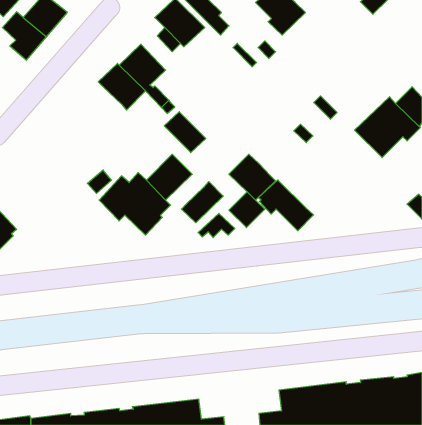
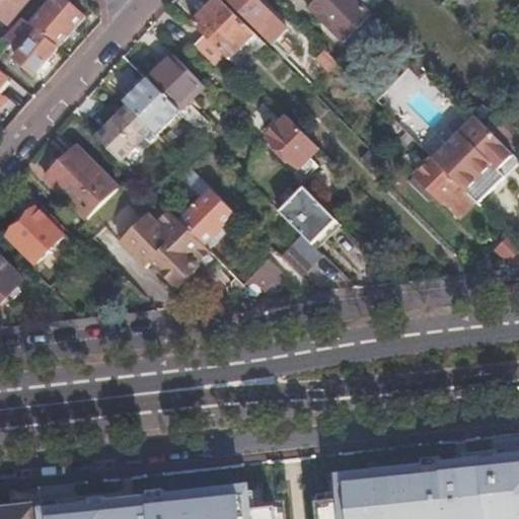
building: none -> [95,105,148,158]
building: [164,112,206,153] -> [266,117,316,166]
building: none -> [46,147,117,218]
building: none -> [6,205,62,262]
building: [259,180,314,231] -> [407,157,474,219]
building: [181,182,223,223] -> none

